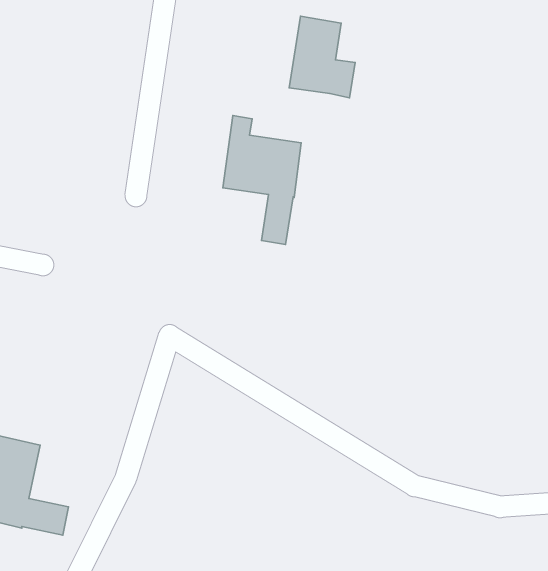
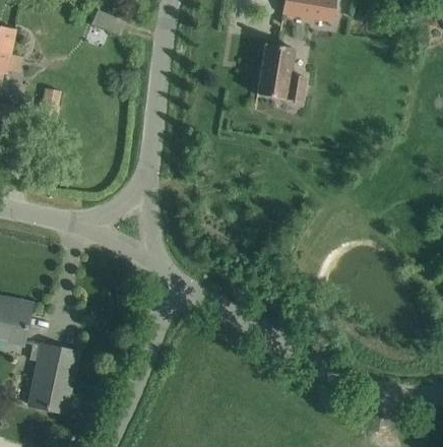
building: [223,115,301,244] -> none

